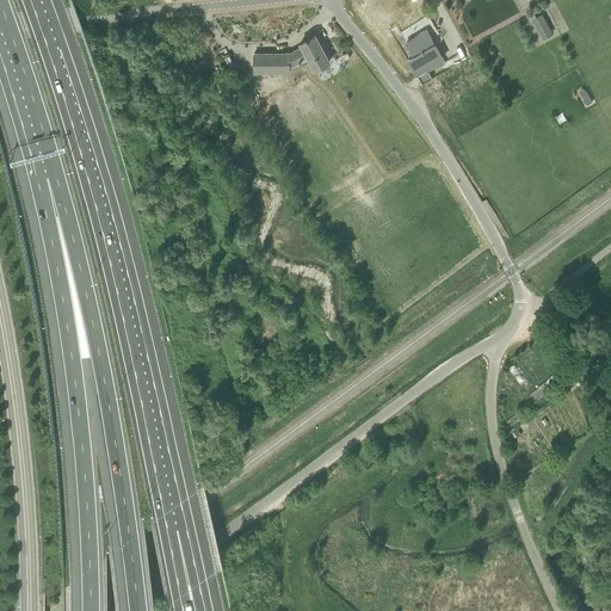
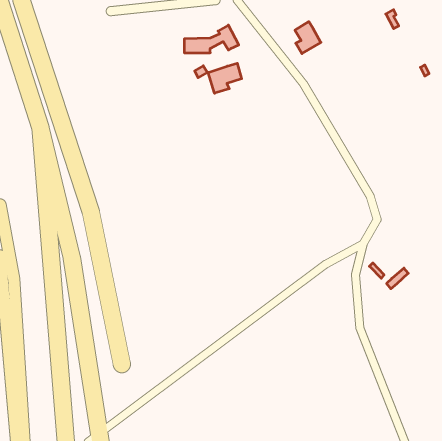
building: none -> [208,63,242,93]

